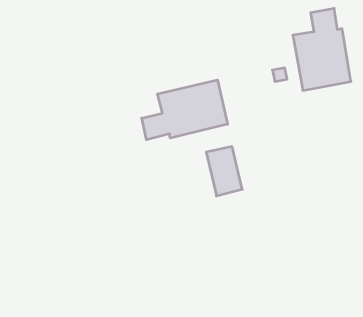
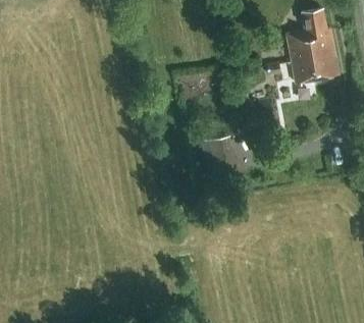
building: [142,80,228,140] -> none

